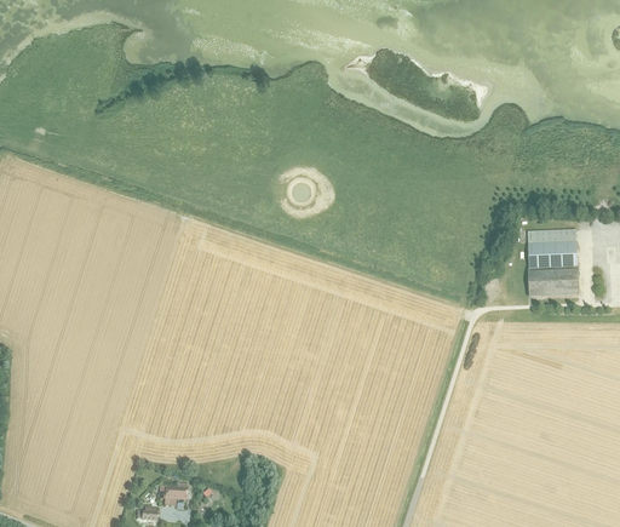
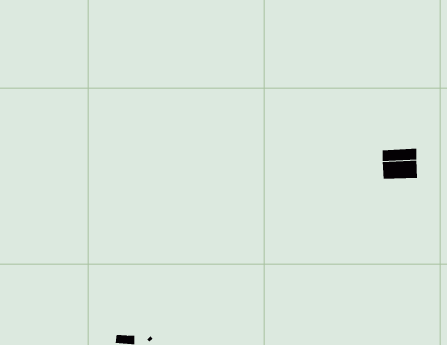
building: [528,269,578,296] -> none

